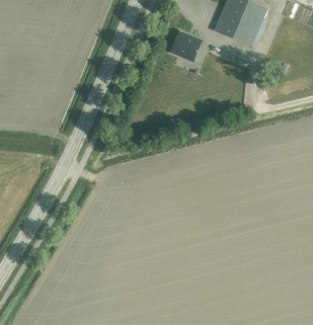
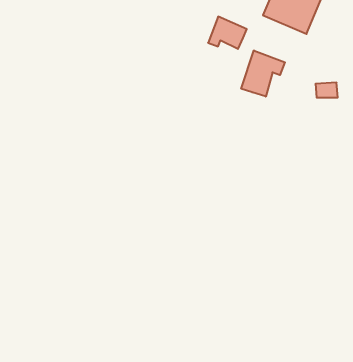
building: none -> [241,50,285,97]

